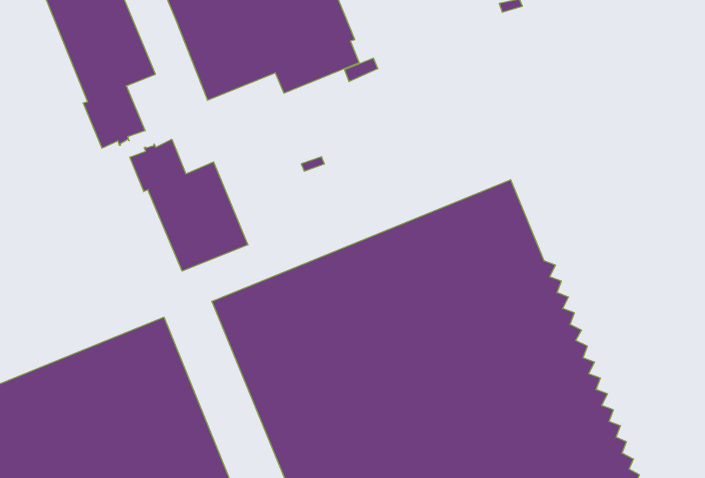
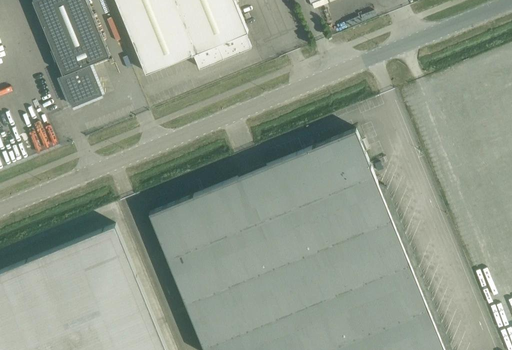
building: [130,139,248,271] -> none

